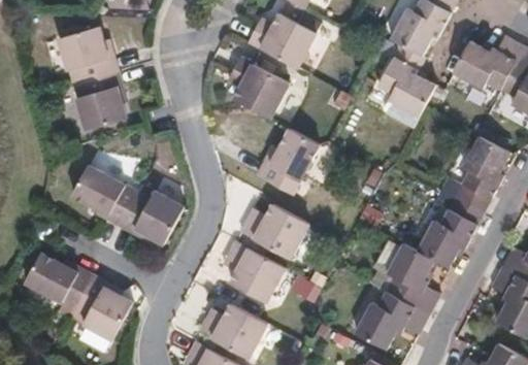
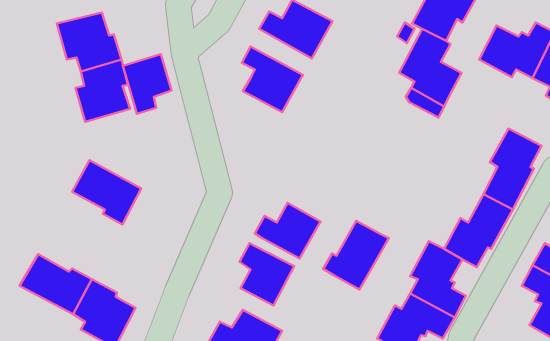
building: none -> [123,54,171,114]
building: [260,132,322,197] -> [323,221,389,290]
building: [118,190,183,244] -> none

